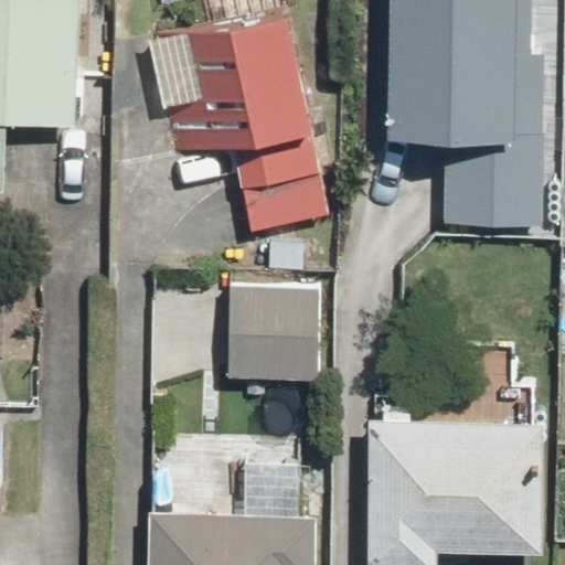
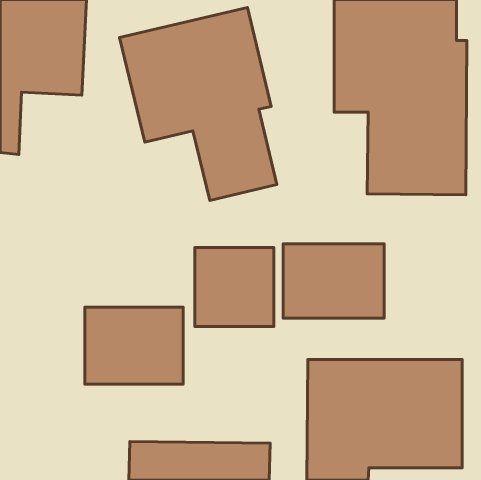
building: none -> [283,244,384,318]
building: none -> [85,307,183,384]

